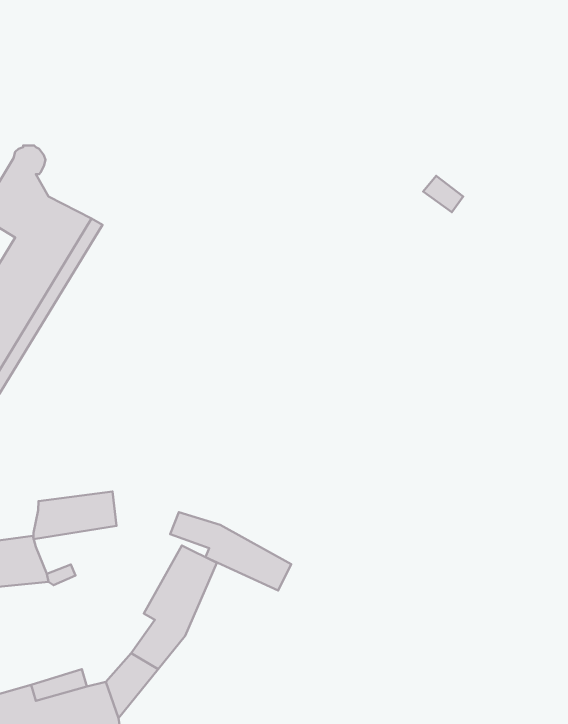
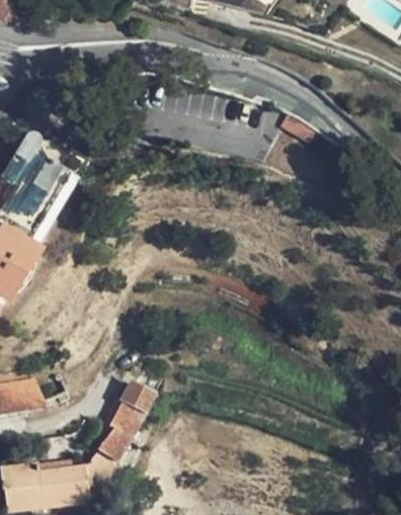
building: [33,491,117,539] -> none
building: [170,512,291,590] -> none

